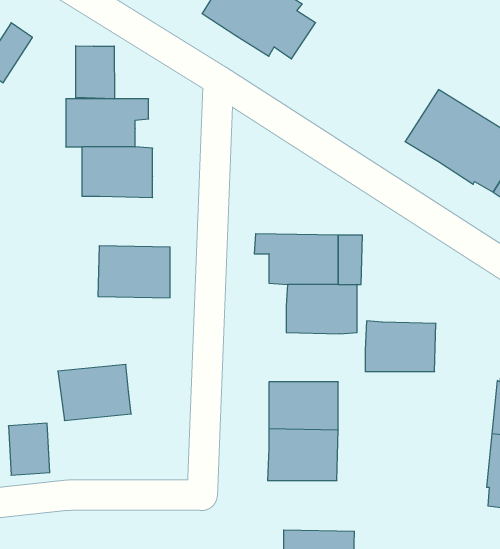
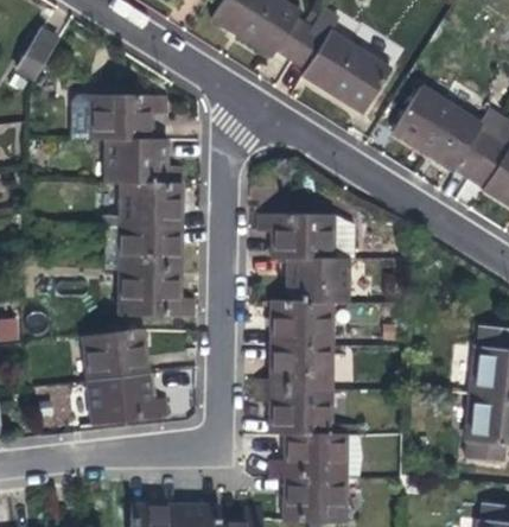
building: none -> [291,26,390,113]
building: [76,46,114,99] -> none
building: none -> [120,180,183,226]
building: none -> [119,269,193,315]
building: [365,321,436,372] -> [271,300,333,345]
building: none -> [89,374,167,424]
building: none -> [271,433,346,478]

